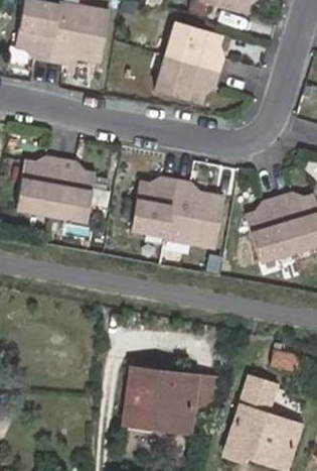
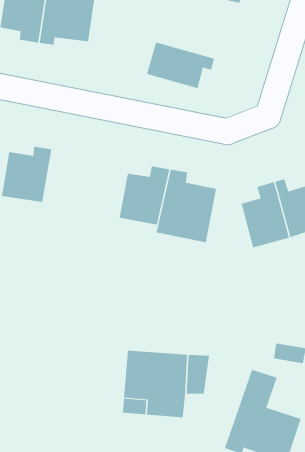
building: [164,25,226,74] -> none
building: [55,161,94,219] -> none

